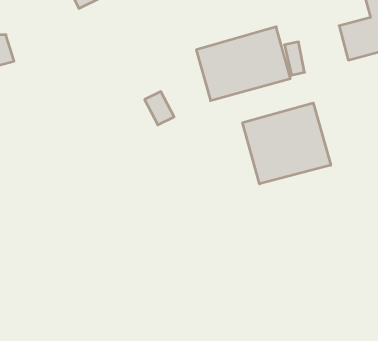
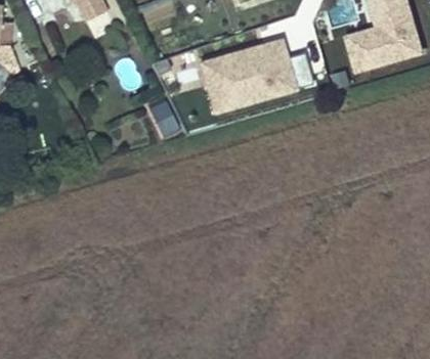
building: [243,103,331,184] -> none

